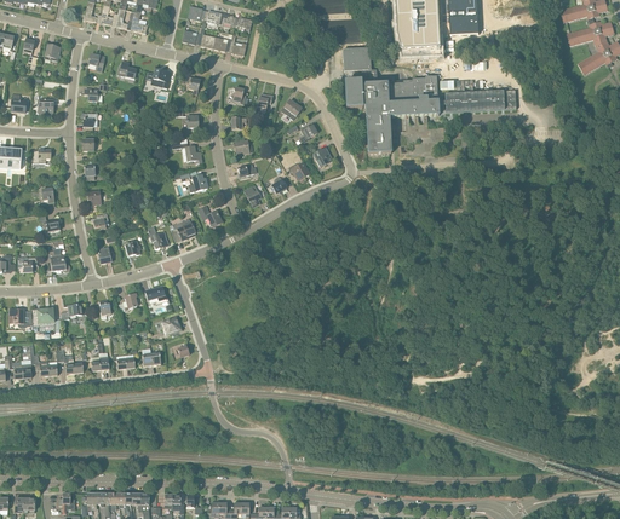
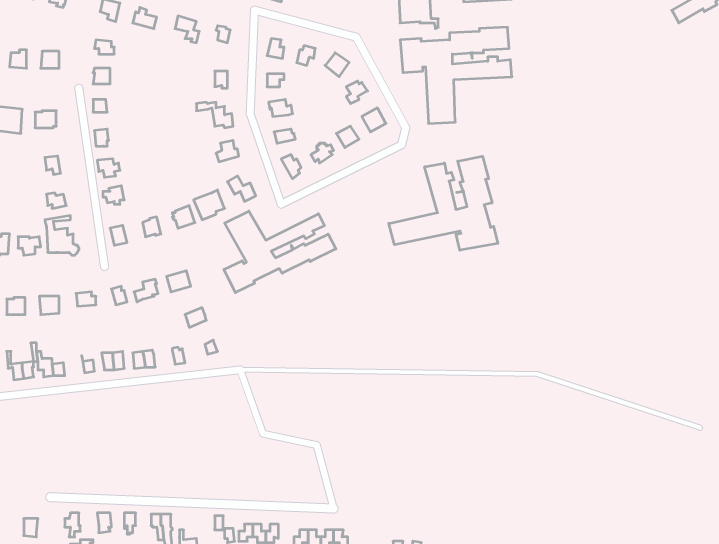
building: [440,91,517,113] -> none
building: none -> [389,156,498,250]
building: none -> [224,211,336,293]

